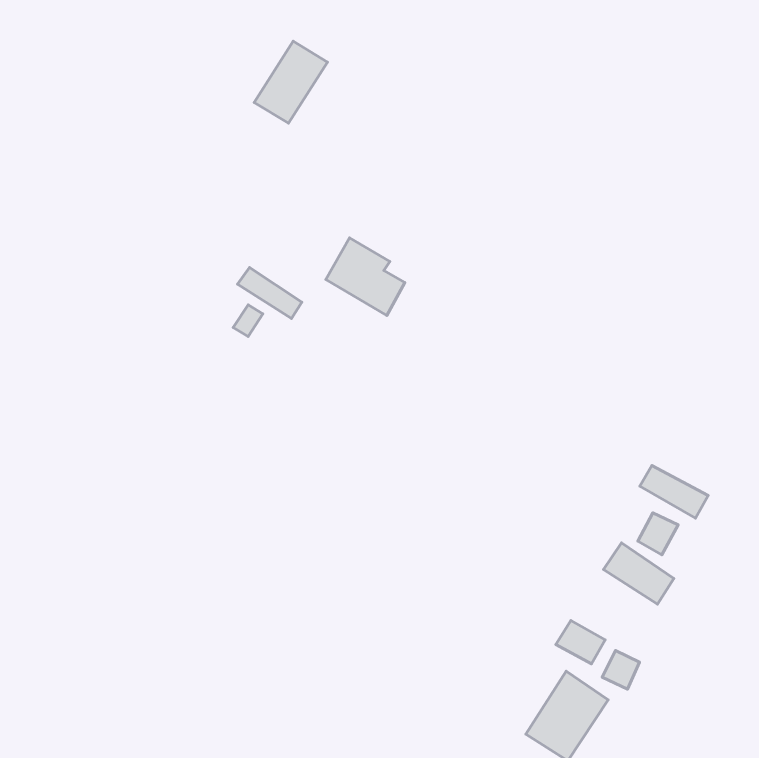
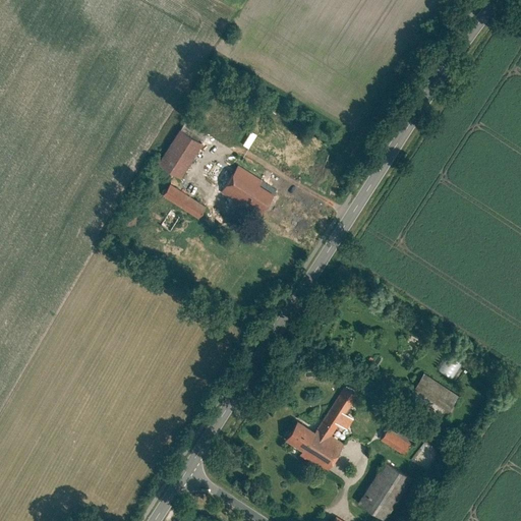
building: [254,41,327,123] -> [159,123,209,179]
building: [640,465,708,518] -> none
building: none -> [287,388,357,474]

